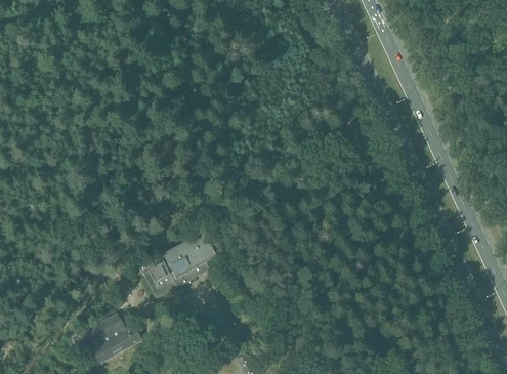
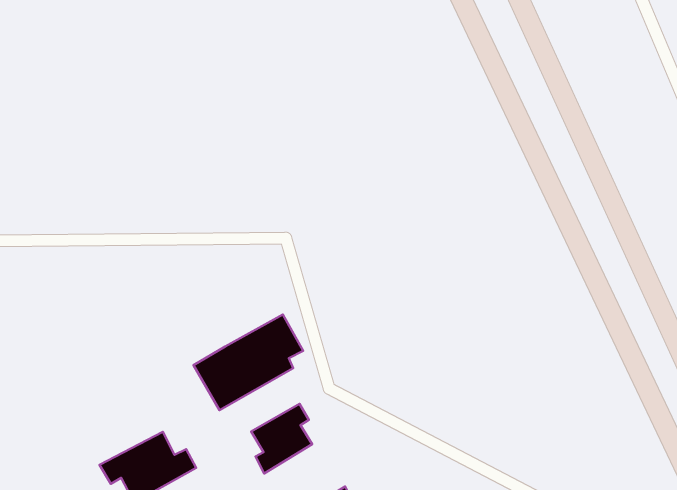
building: none -> [251,404,312,474]

